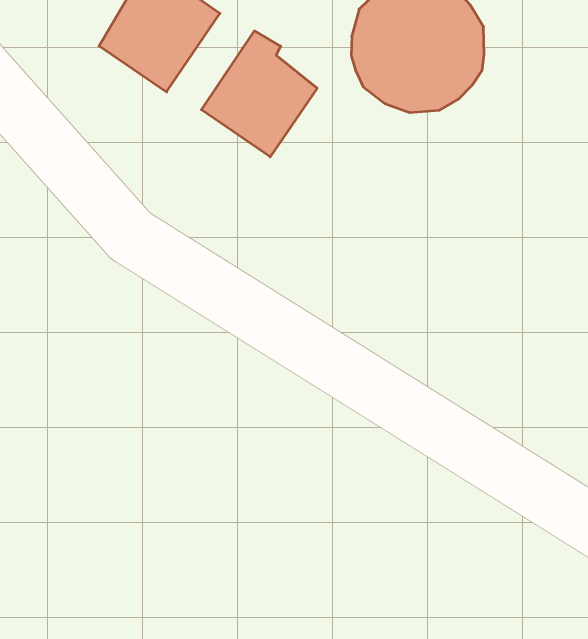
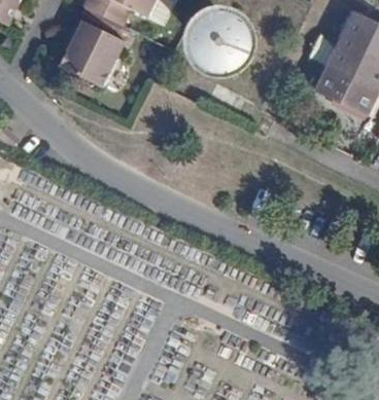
building: [201,31,317,157] -> none

